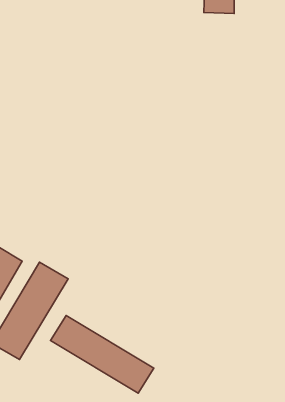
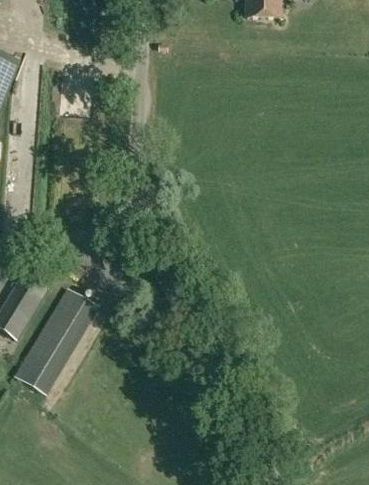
building: [50,315,154,393] -> none

